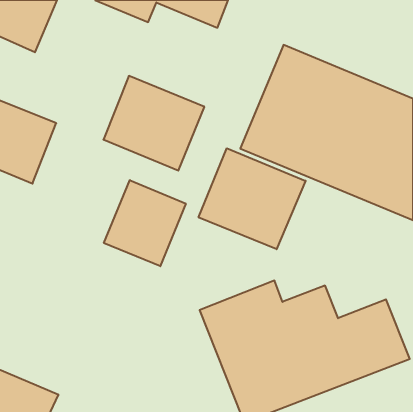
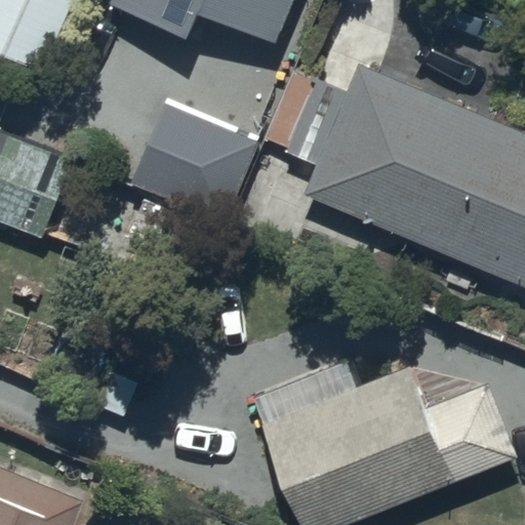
building: [199,148,306,249] -> none
building: [104,180,186,266] -> none

